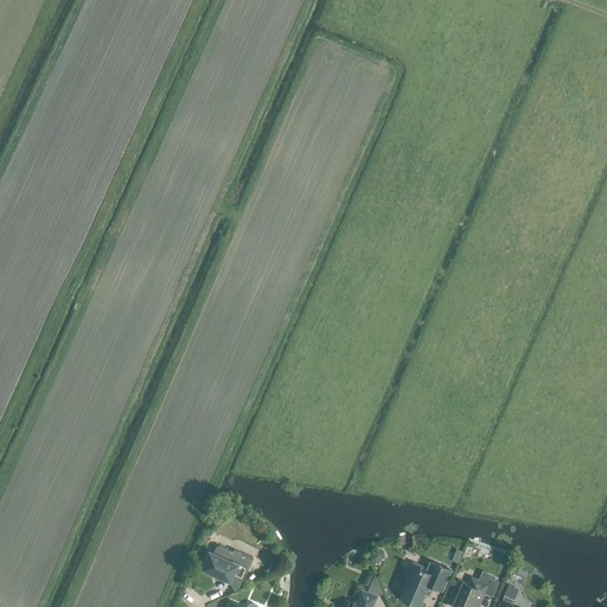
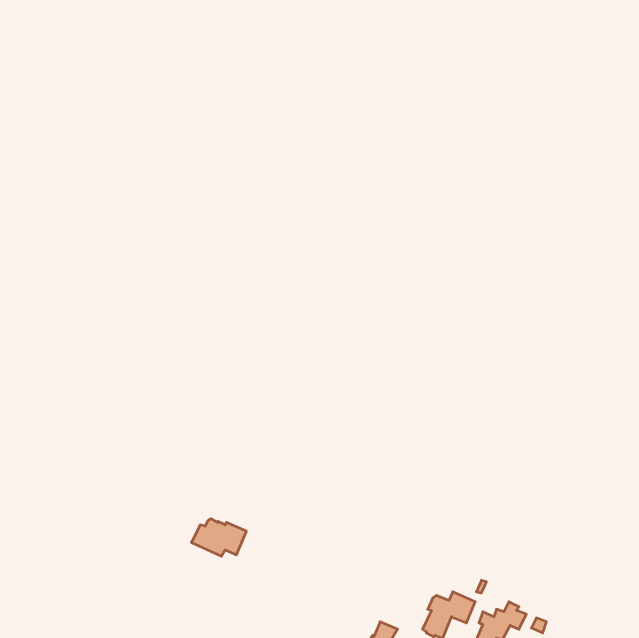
building: [200,547,253,582] -> [191,519,246,556]

